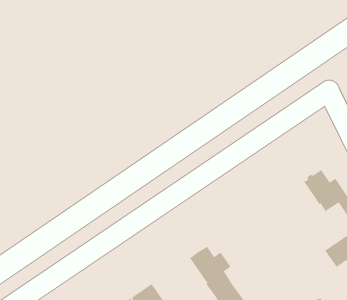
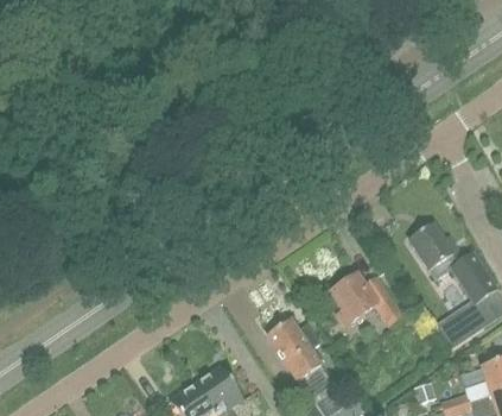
building: none -> [330,275,405,327]

